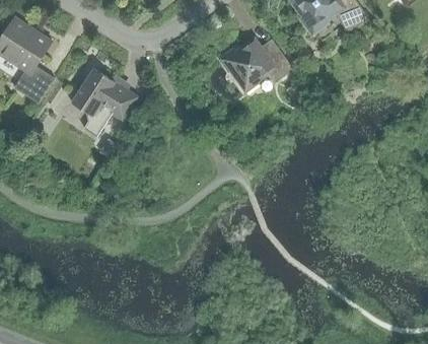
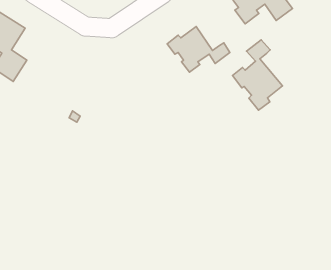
building: none -> [232,40,282,110]
building: [71,67,138,136] -> none

